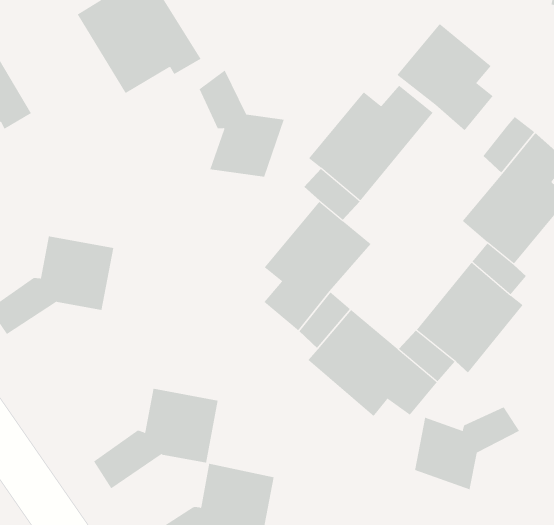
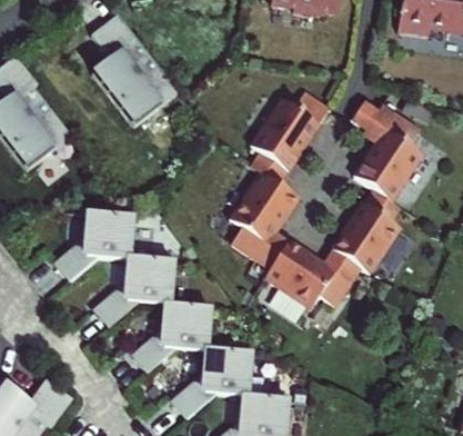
building: [397,23,493,131] -> none
building: [199,69,285,177] -> none
building: none -> [97,257,173,325]
building: [415,406,520,490] -> none

